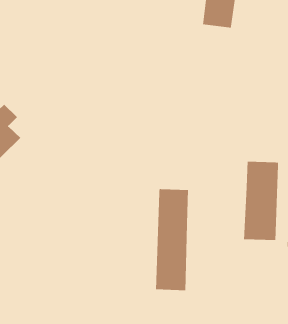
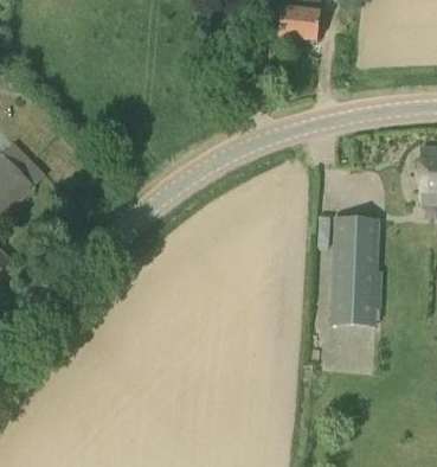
building: [155,188,189,291] -> none

